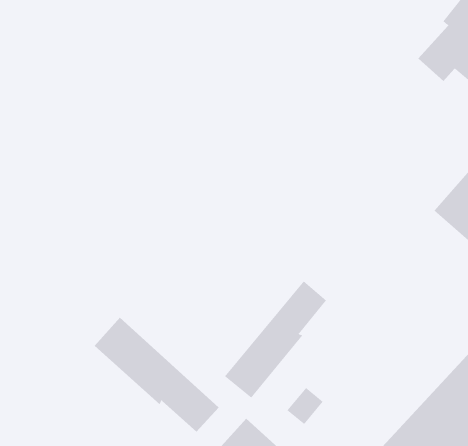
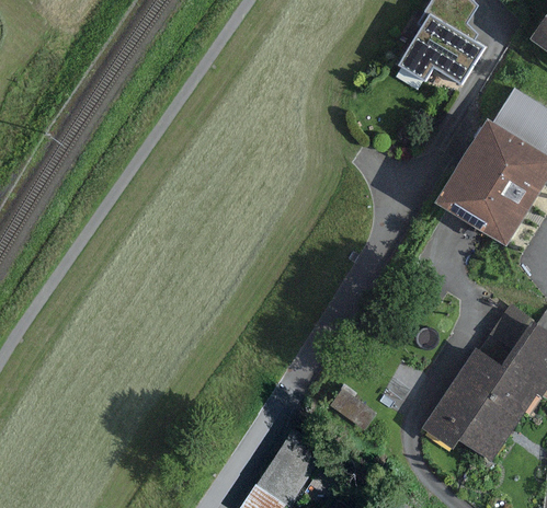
building: [224,281,327,399] -> none
building: [94,317,220,432] -> none

